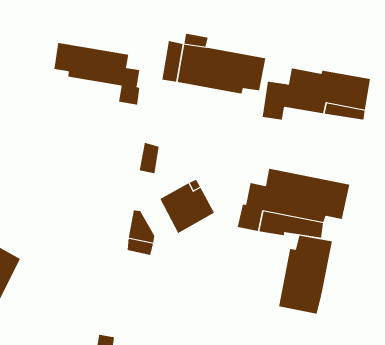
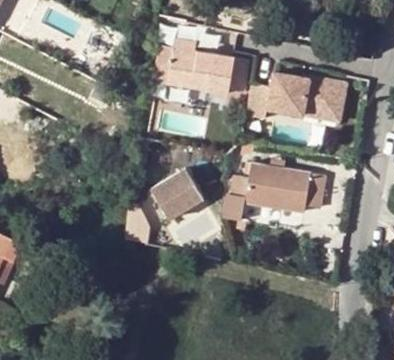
building: [54,42,140,105] -> none
building: [278,235,332,315] -> none

